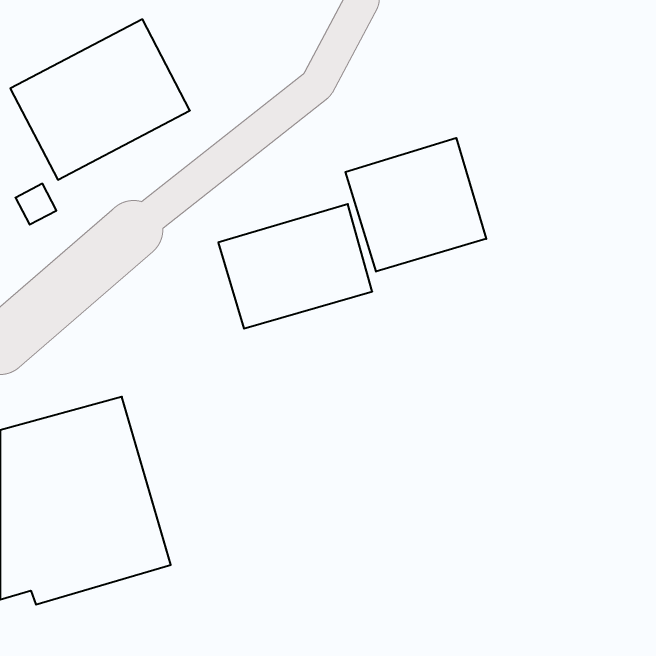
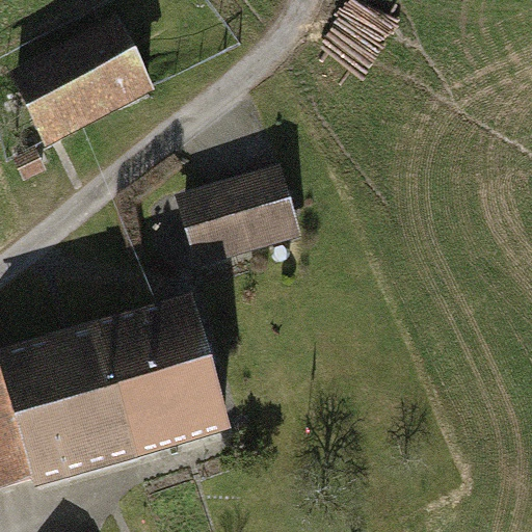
building: [345,138,486,272] -> none
building: none -> [99,295,229,457]

